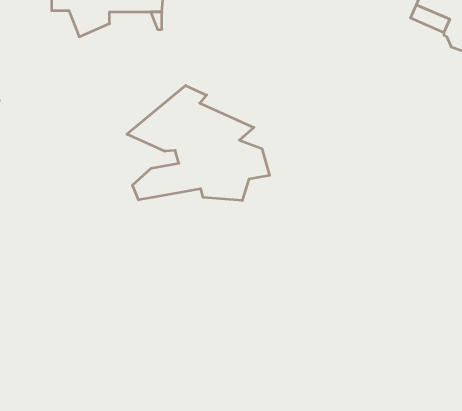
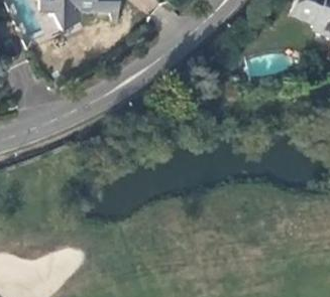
building: [127,85,270,201] -> none

